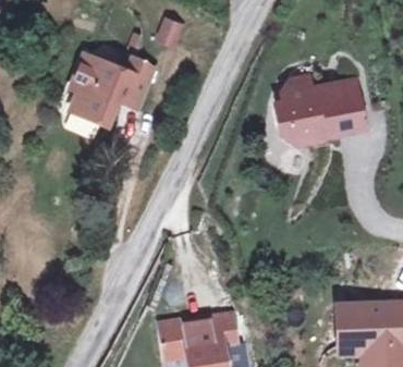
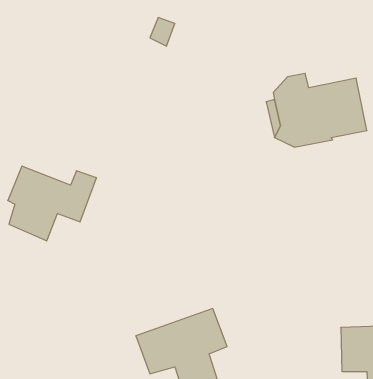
building: [76,60,158,129] -> [8,166,97,241]

